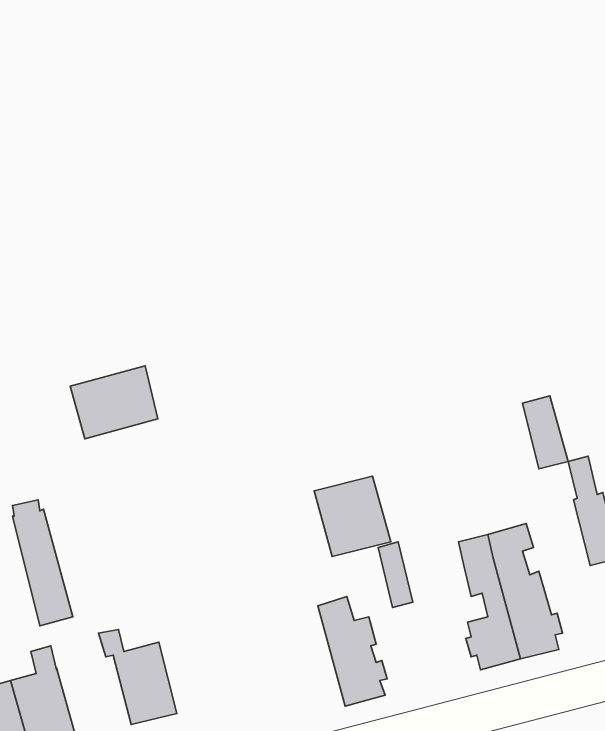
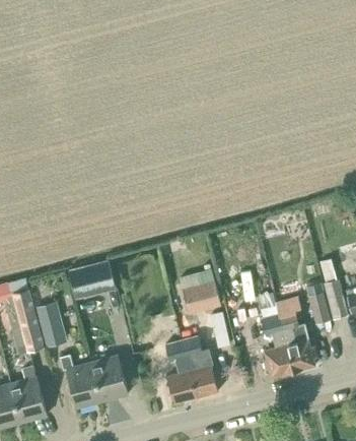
building: [70,366,158,439] -> [67,259,116,300]
building: [522,396,568,469] -> [305,284,331,324]
building: none -> [34,302,67,348]
building: none -> [164,341,196,403]
building: none -> [92,355,128,401]

